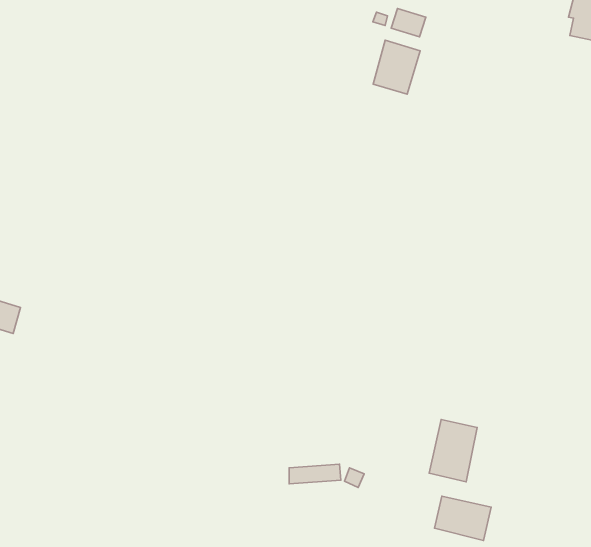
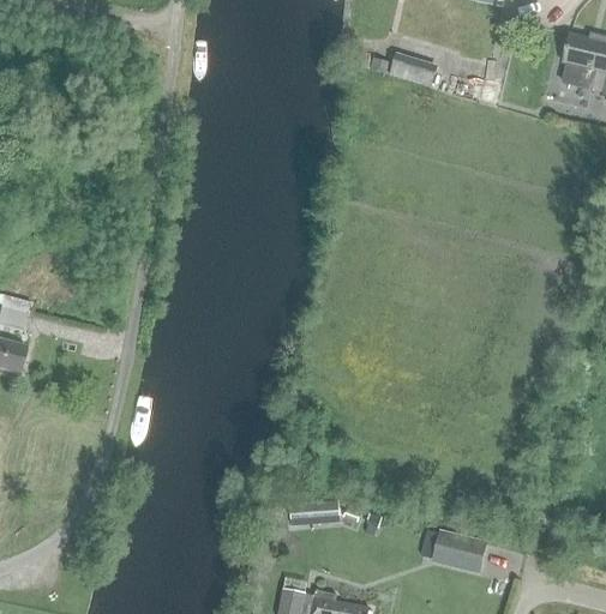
building: [373,40,420,94] -> none
building: [429,420,477,482] -> none

